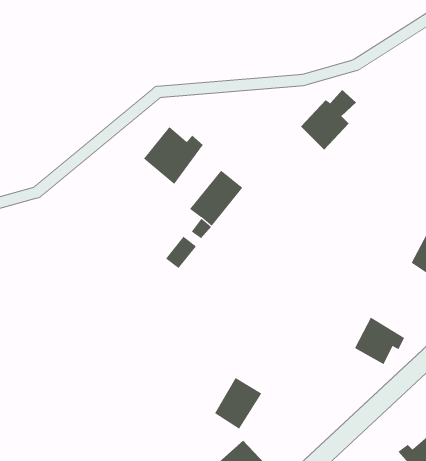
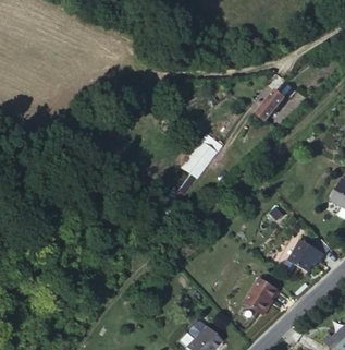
building: [143,126,204,185] -> none
building: [214,377,262,430] -> [246,277,281,315]

